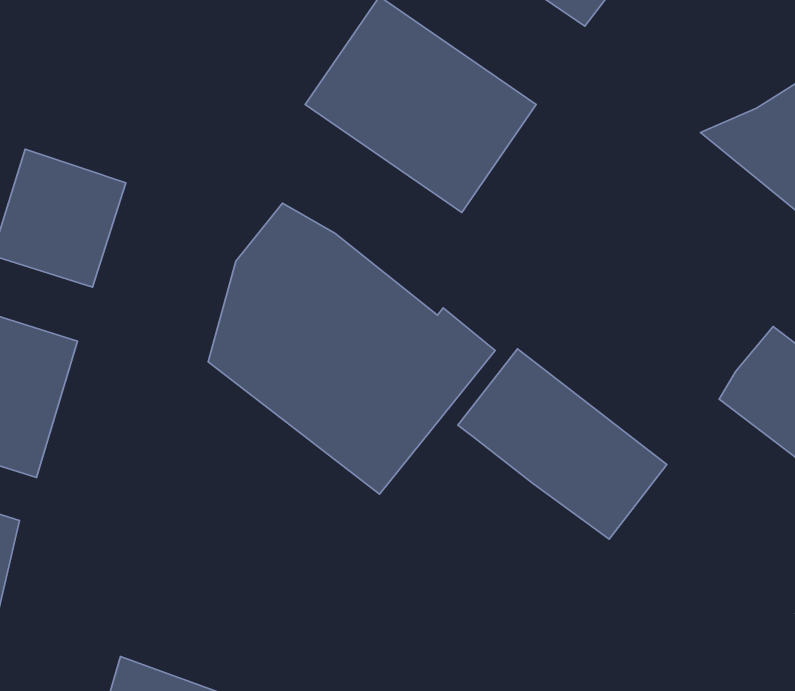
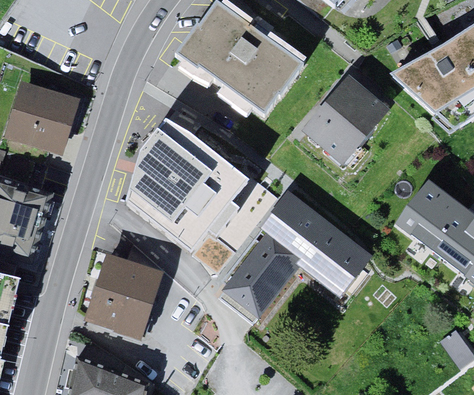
building: none -> [299,74,386,164]
building: none -> [222,237,296,318]
building: none -> [84,254,163,339]

